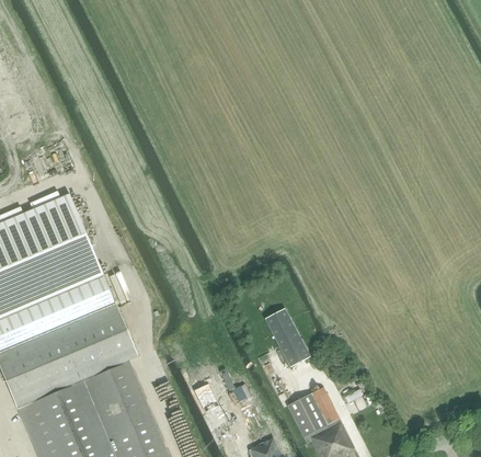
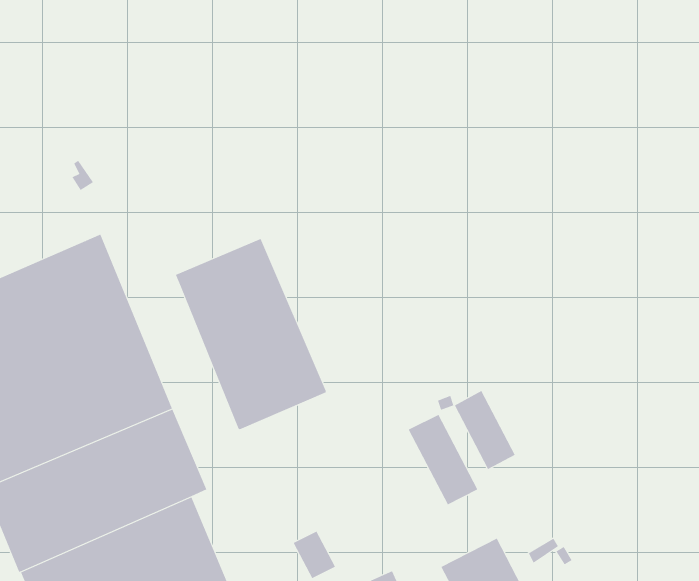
building: none -> [175,238,326,430]
building: none -> [454,390,515,470]

